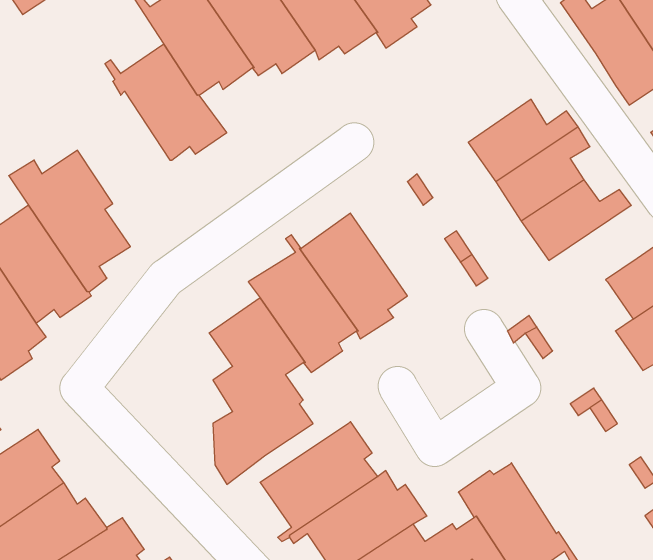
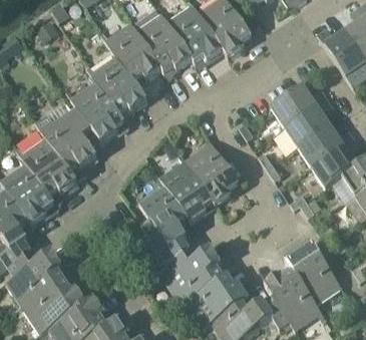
building: none -> [70,80,124,143]
building: none -> [312,138,360,189]
building: none -> [285,246,342,306]

